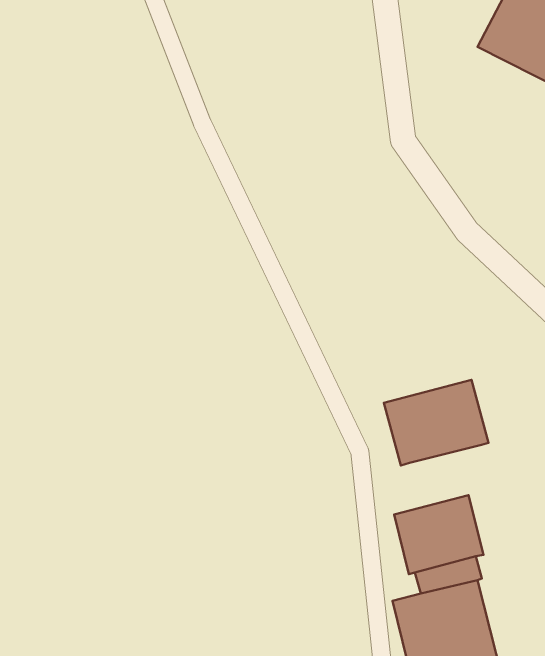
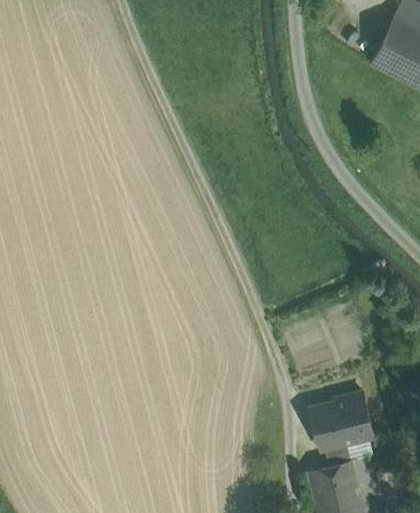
building: [384,380,488,466] -> none

